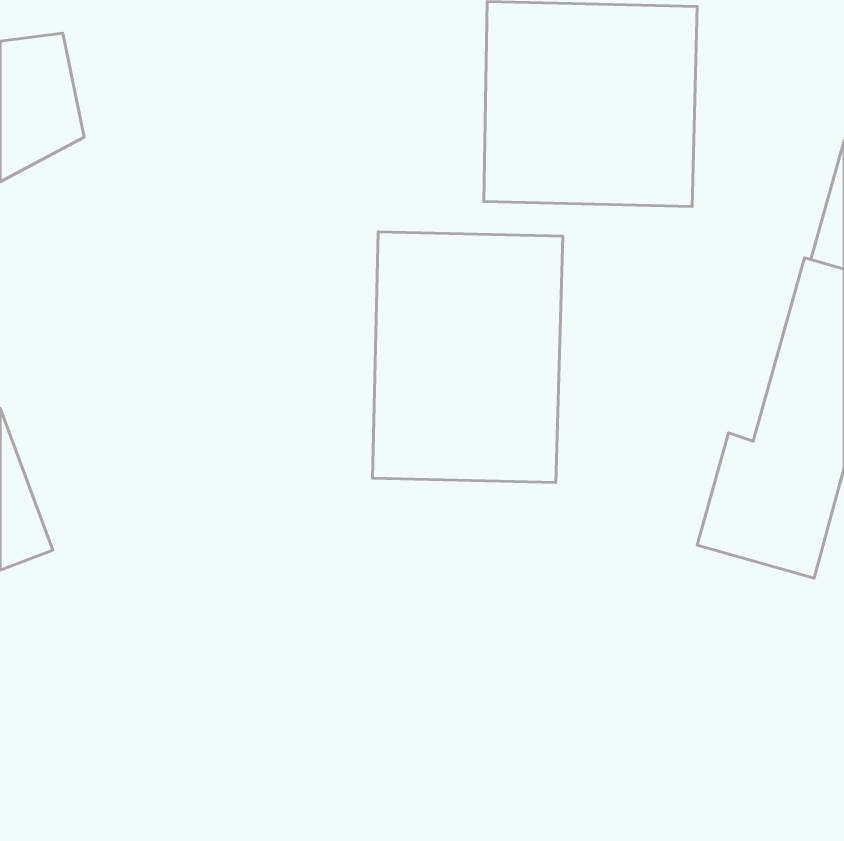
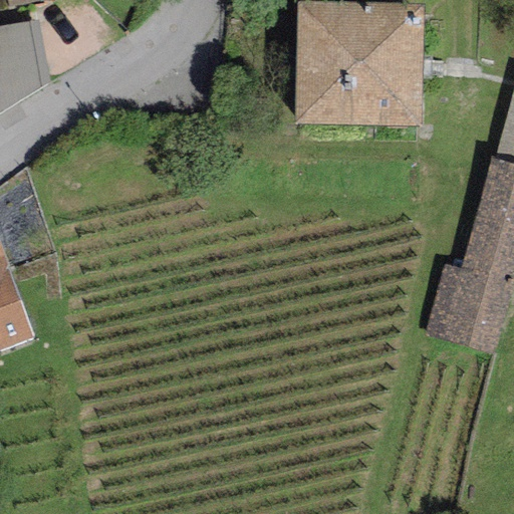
building: [373,232,563,483] -> none

